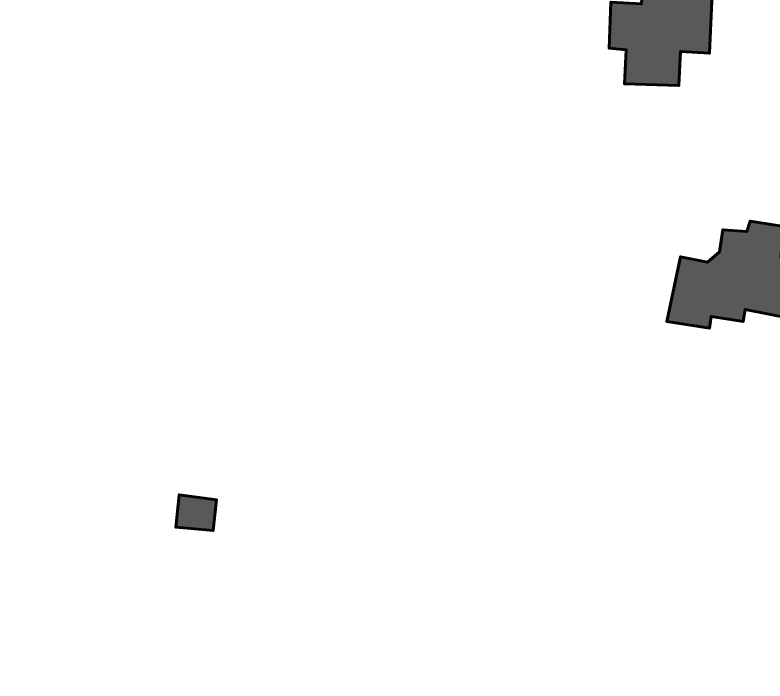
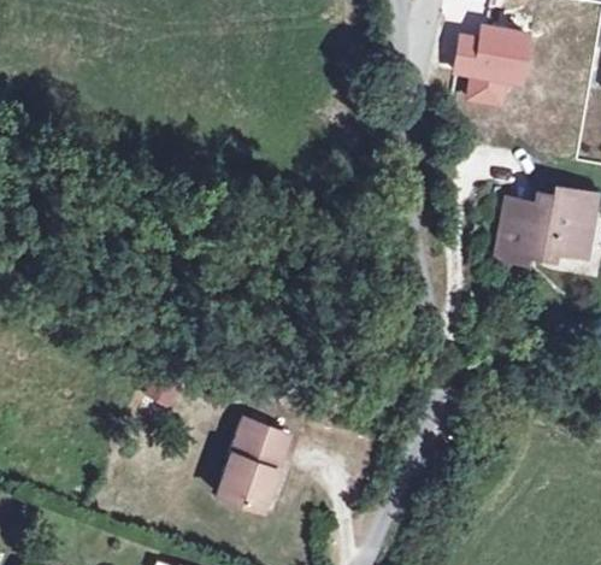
building: none -> [219,419,287,510]

